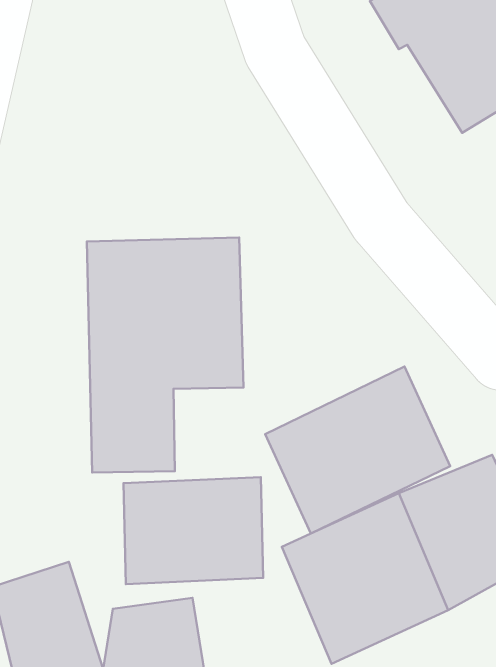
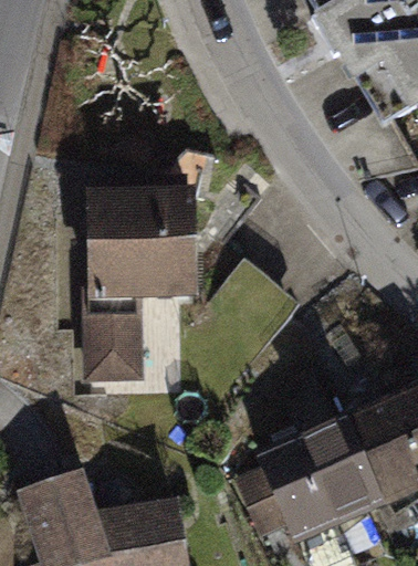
building: [265,366,450,534] -> none
building: [124,477,263,584] -> none

